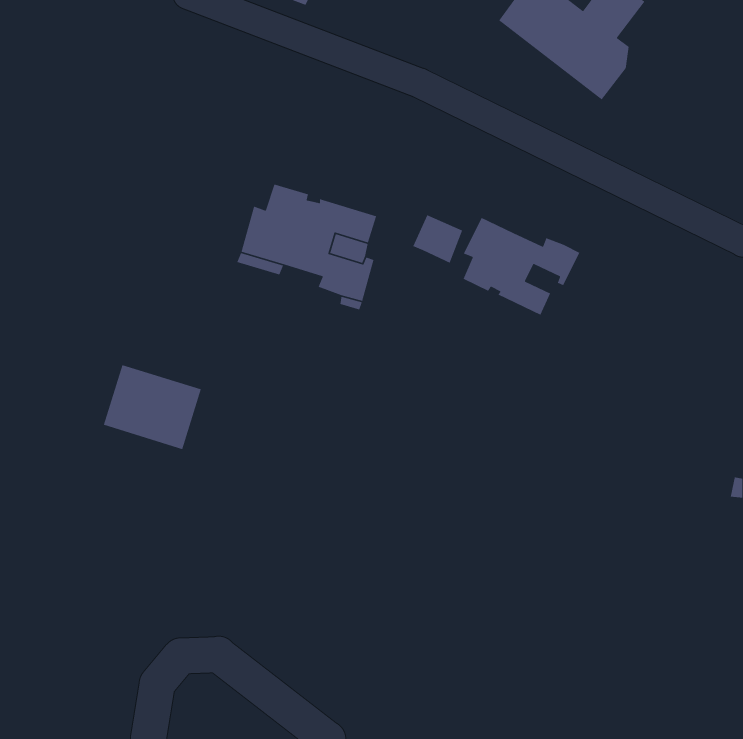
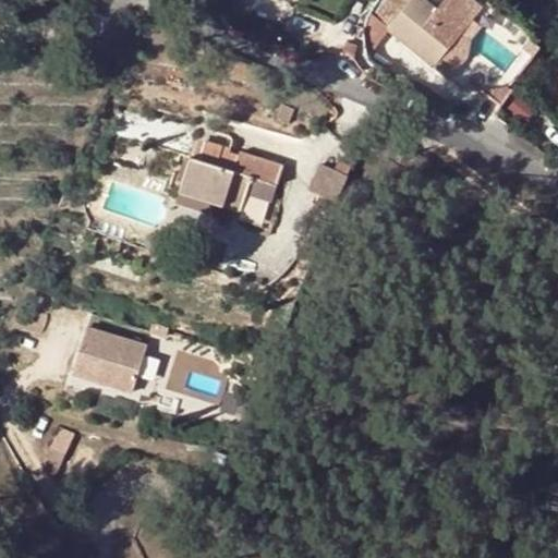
building: [462,217,580,316] -> none
building: [103,364,202,450] -> [71,328,145,392]

